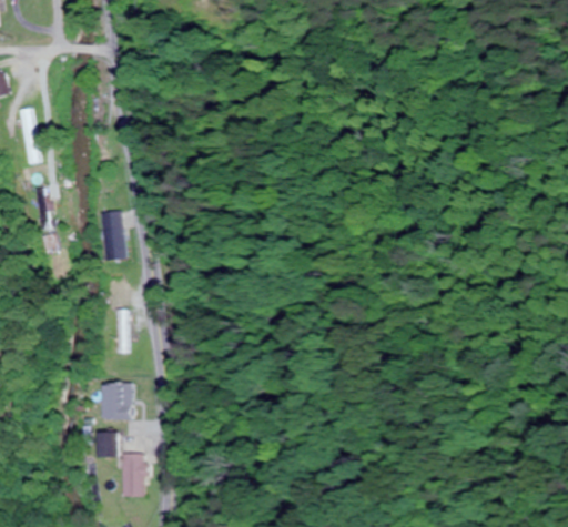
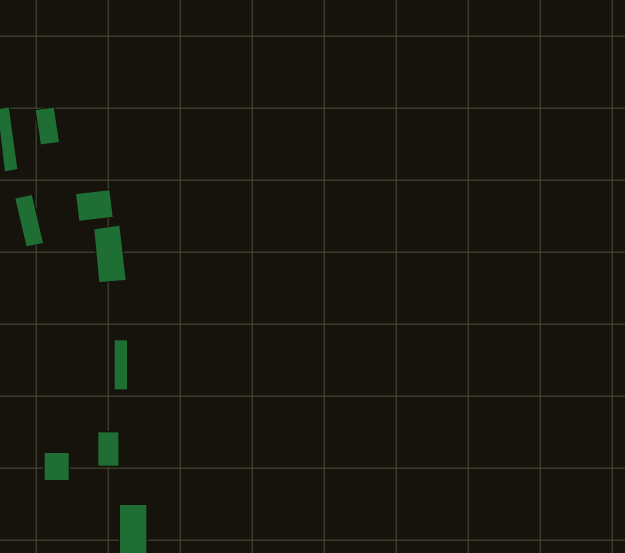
building: none -> [35,107,59,145]
building: none -> [76,189,113,221]
building: [97,433,119,457] -> [44,453,69,481]

